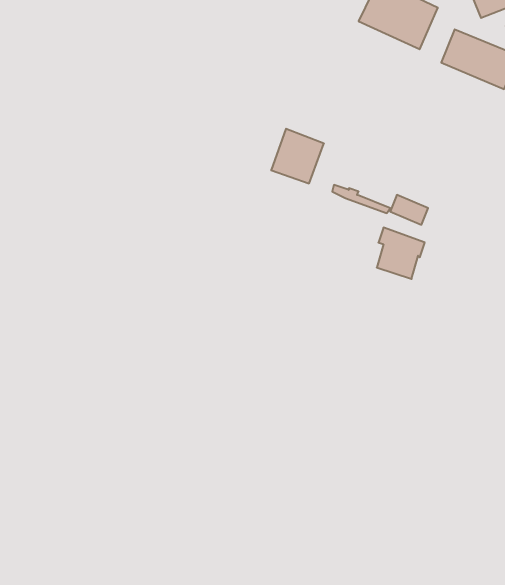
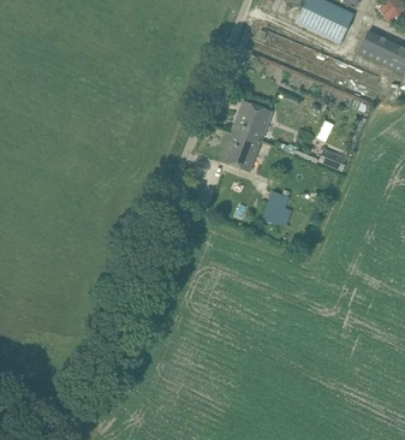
building: none -> [222,131,261,171]
building: [377,228,425,279] -> [264,190,299,227]

